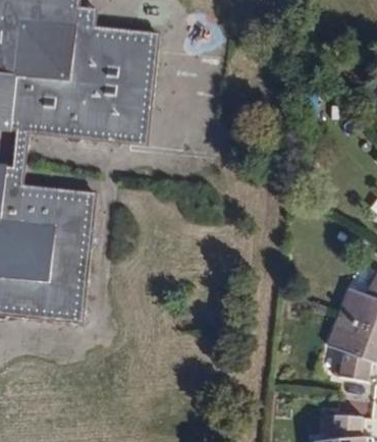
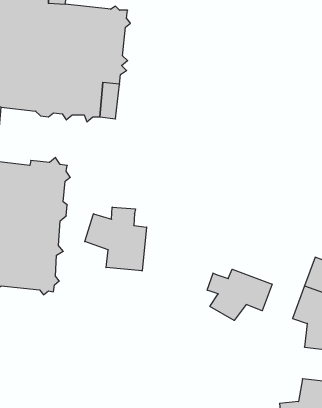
building: none -> [85,207,147,271]
building: none -> [207,269,272,320]

